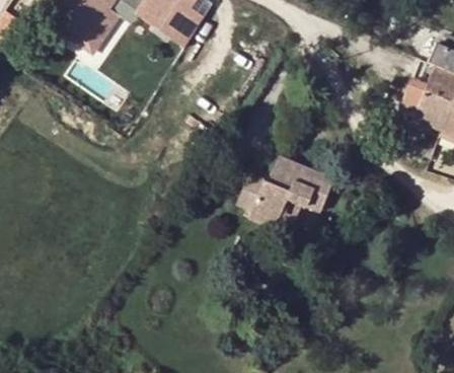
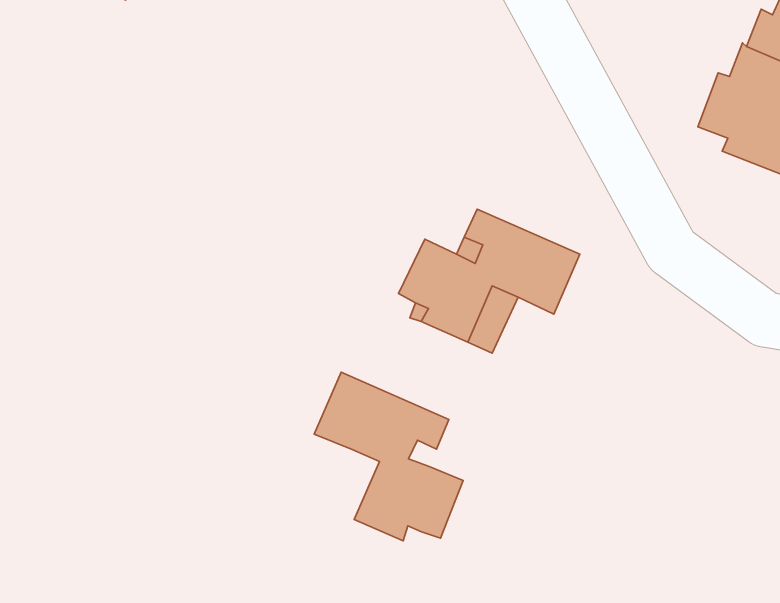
building: none -> [314,372,463,541]

